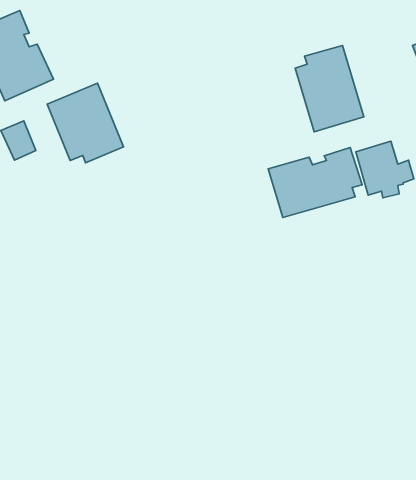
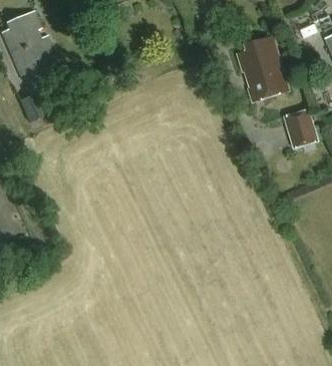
building: [47,83,123,163] -> none
building: [268,147,362,217] -> none

